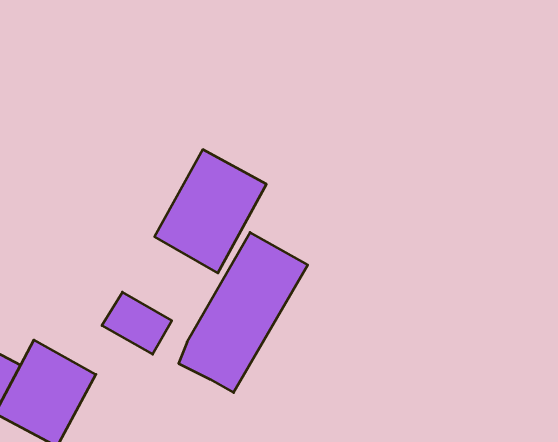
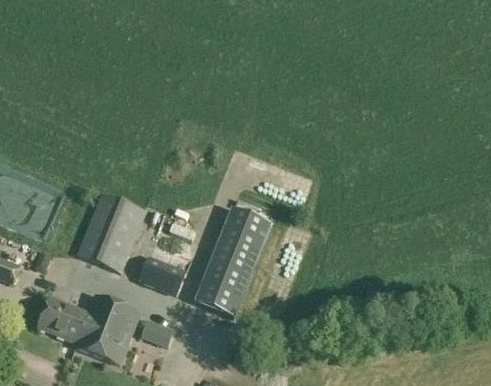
building: [155,150,266,273] -> [77,193,147,274]
building: none -> [141,319,174,347]

